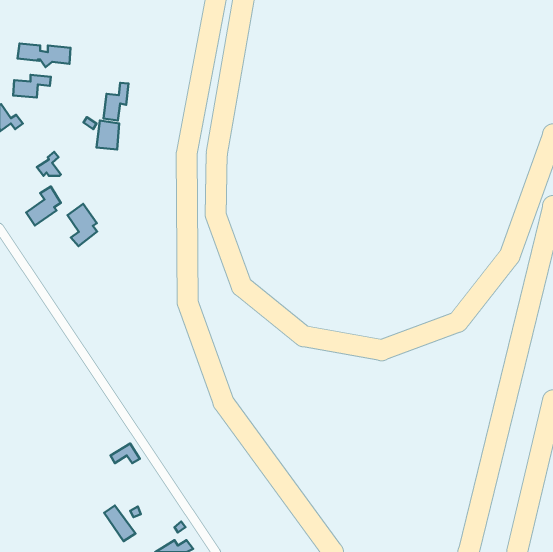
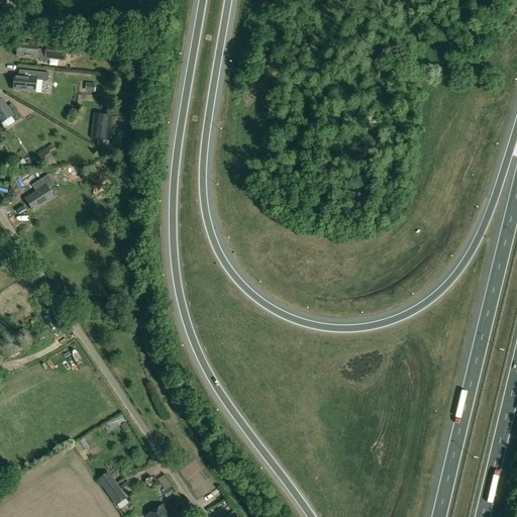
building: [104,83,128,120] -> none
building: [67,204,97,246] -> none

